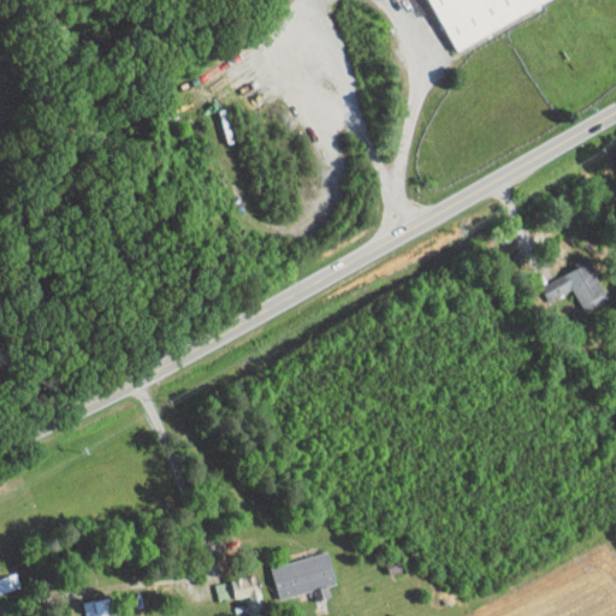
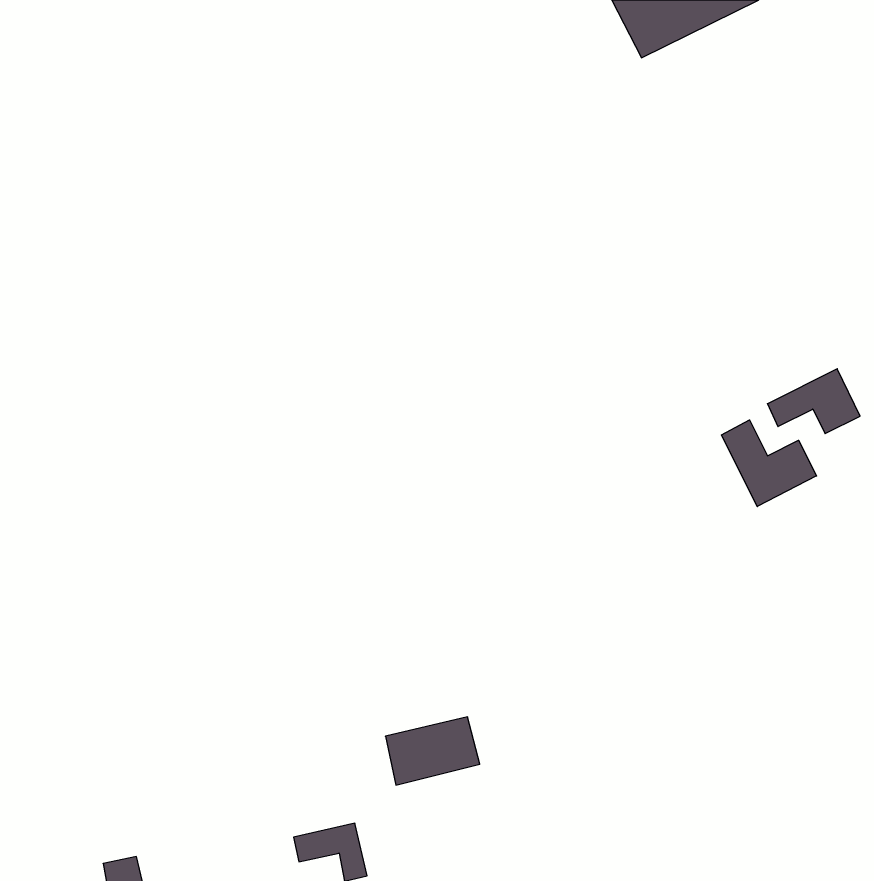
building: none -> [721,420,817,507]
building: [273,552,338,599] -> [385,717,480,785]

